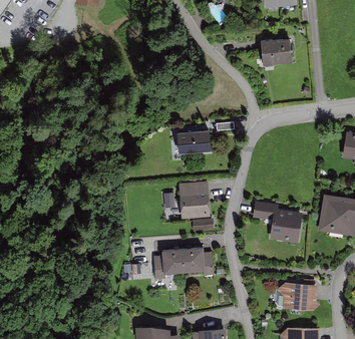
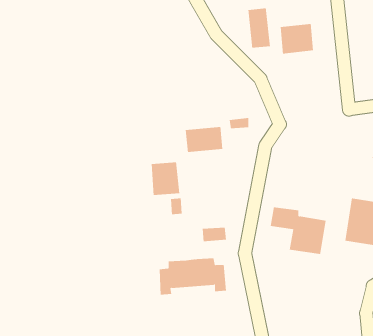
building: none -> [248,8,270,49]
building: [182,185,208,215] -> [151,162,180,196]
building: [278,281,320,309] -> none

